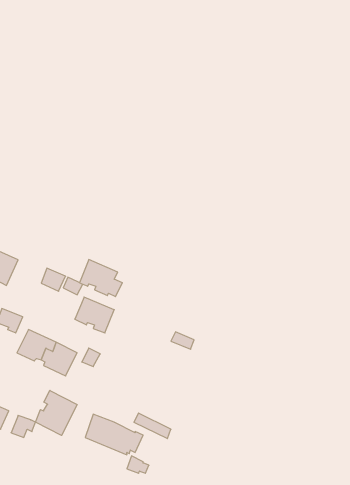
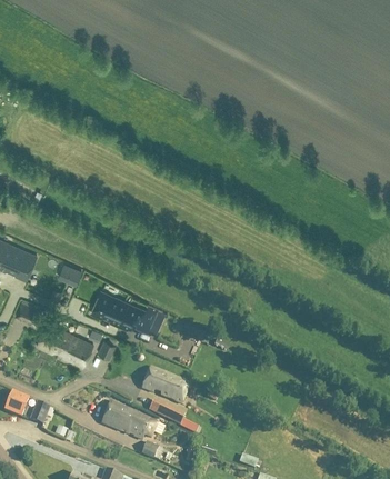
building: [80,260,122,297] -> [119,303,160,339]
building: none -> [140,368,187,406]
building: [35,390,77,435] -> none

